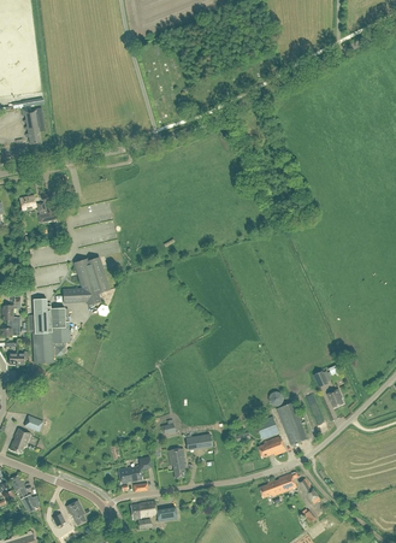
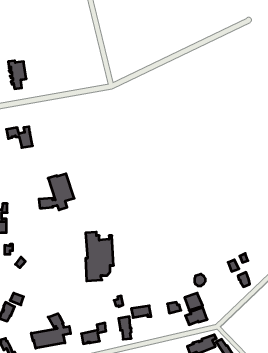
building: [31,297,69,362] -> [86,232,114,281]
building: [276,402,306,444] -> none
building: none -> [31,314,71,348]

